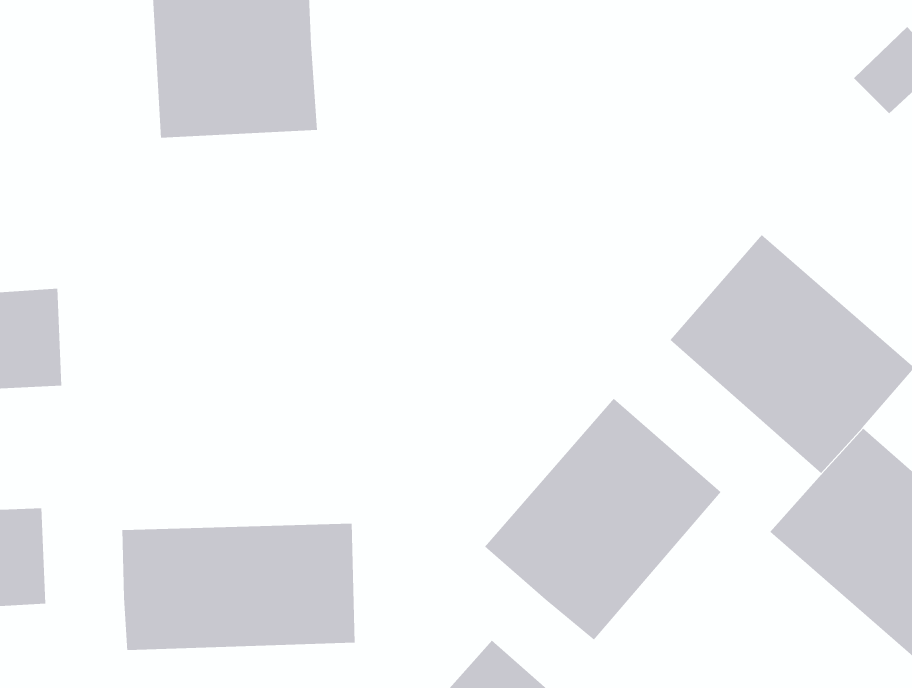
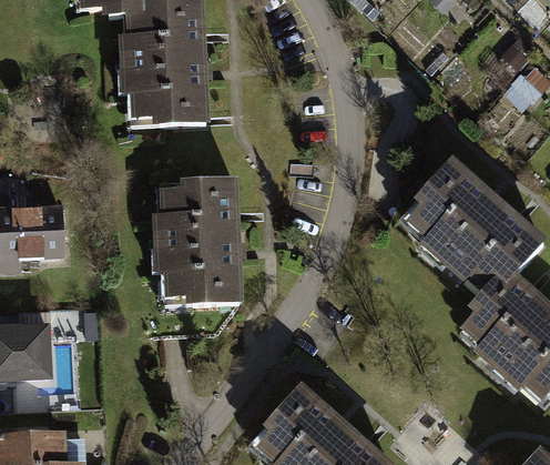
building: none -> [159,170,240,296]
building: [484,398,721,641] -> none
building: [122,523,355,651] -> none

